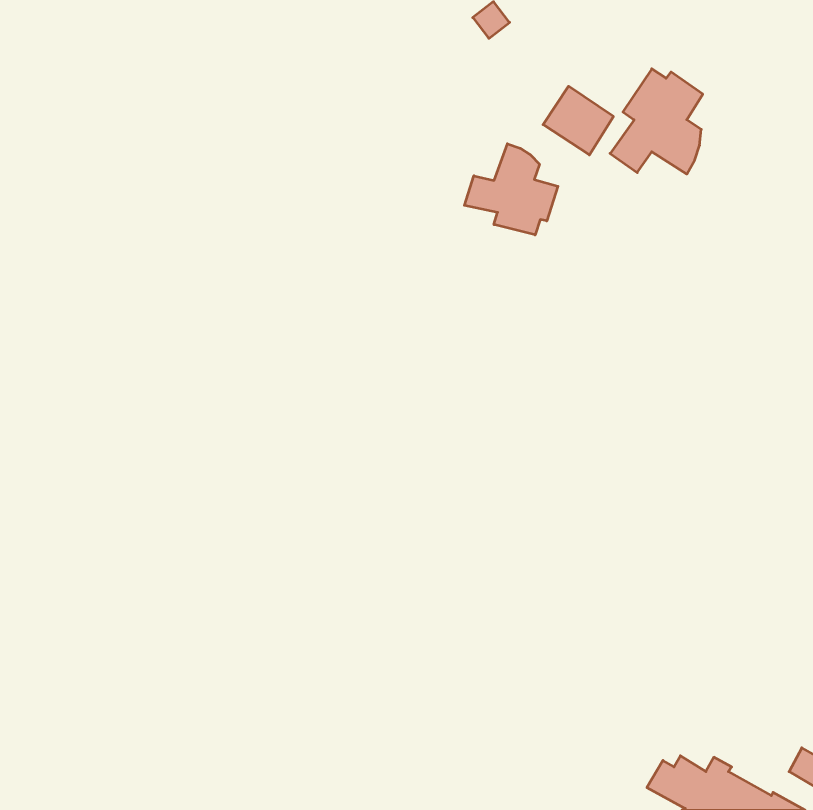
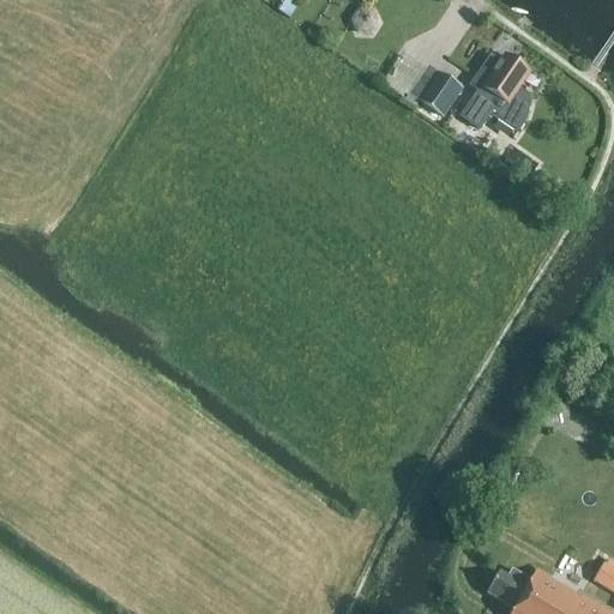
building: [464,144,558,235] -> none

